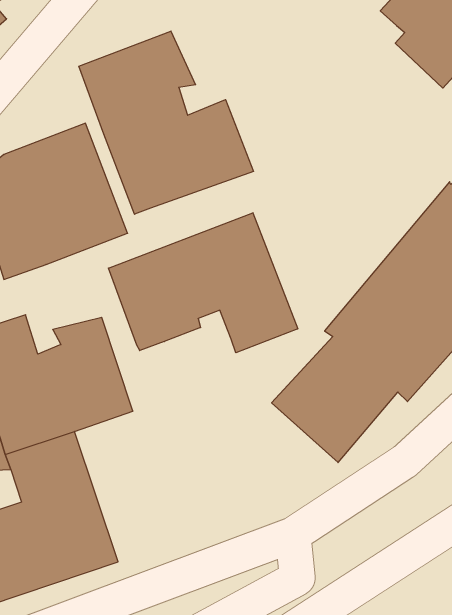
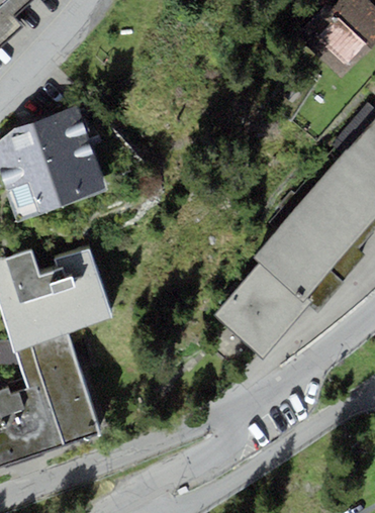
building: [79,31,254,214] -> none
building: [108,213,298,353] -> none

